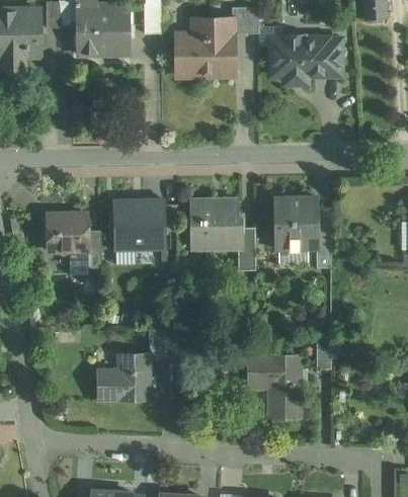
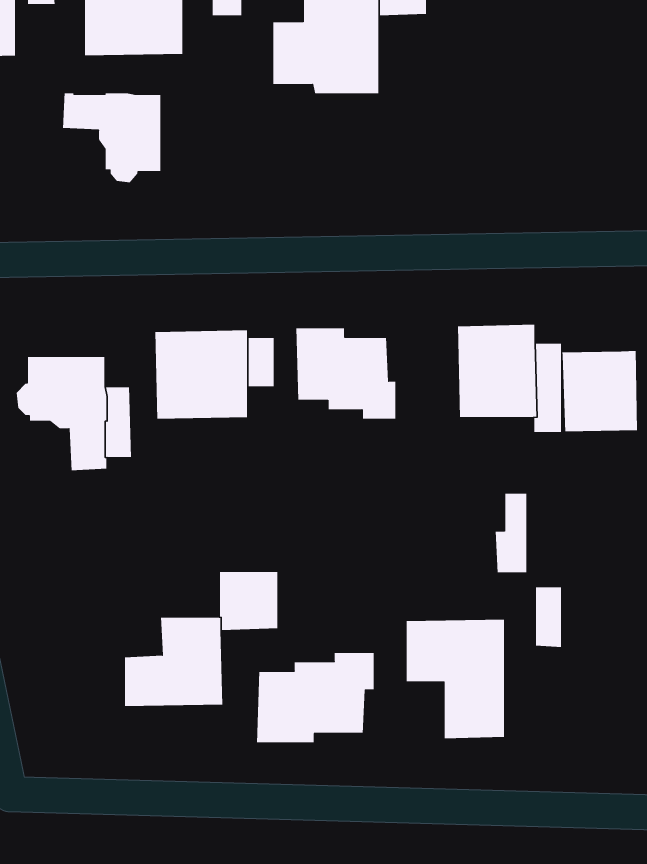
building: [270,34,340,83] -> none
building: none -> [62,92,161,183]
building: none -> [562,350,638,432]
building: [237,228,254,270] -> [495,493,527,573]
building: none -> [257,652,374,743]

